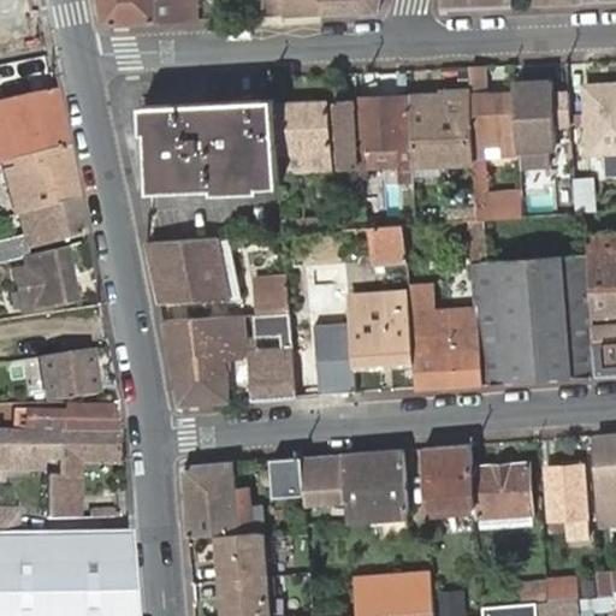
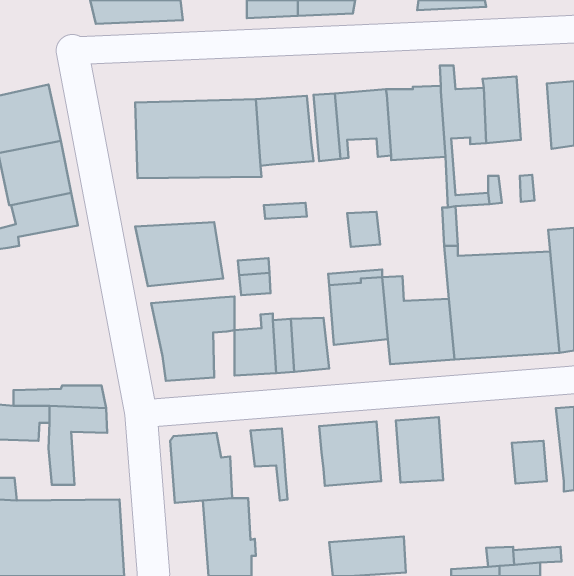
building: [8,254,72,312] -> none
building: [40,351,93,401] -> none
building: [301,455,345,503] -> none
building: [476,466,534,516] -> none

